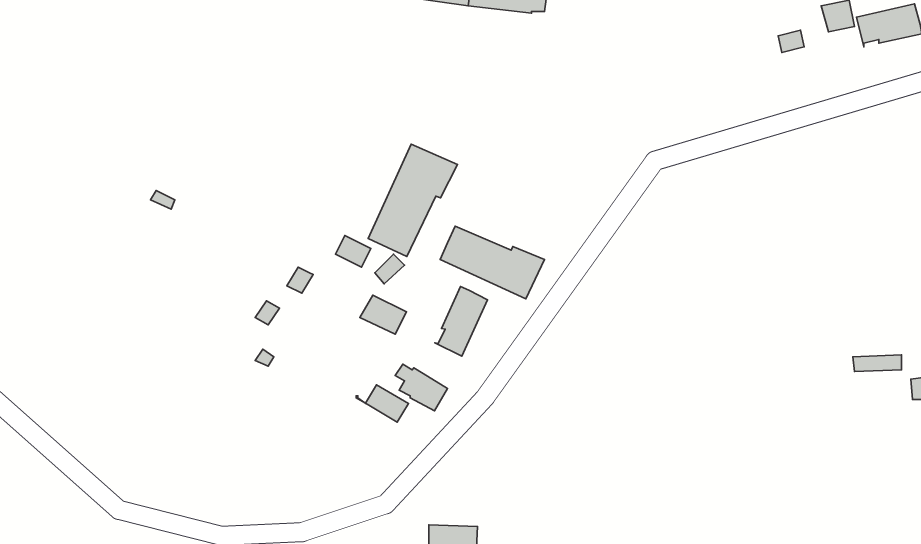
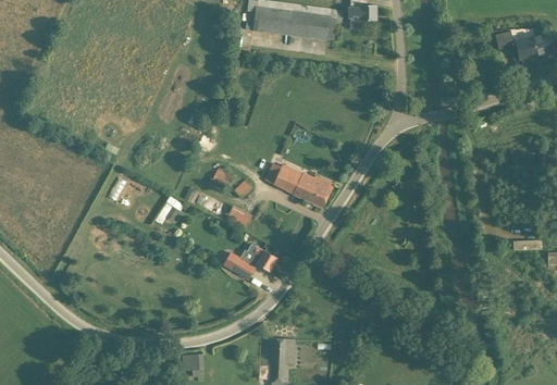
building: [368,144,457,257] -> none
building: [435,287,488,356] -> none

